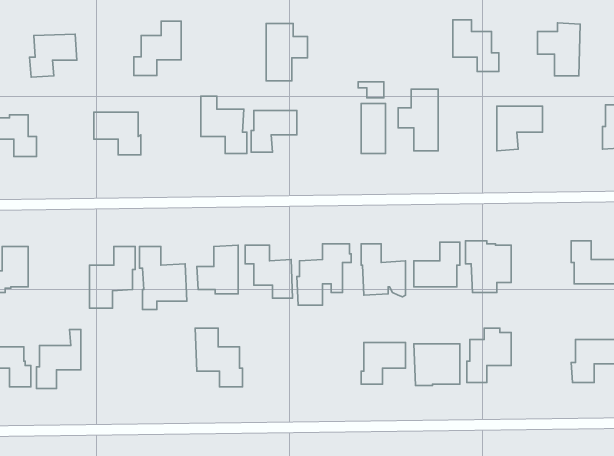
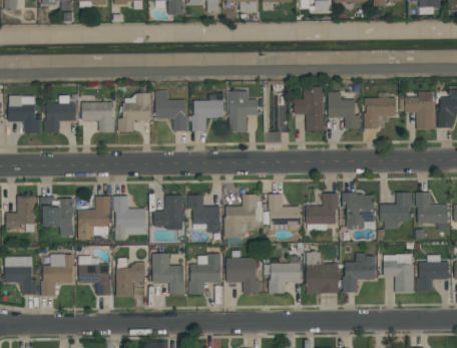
building: [453,20,499,72] -> [328,91,360,127]
building: [134,21,181,75] -> [117,92,150,130]
building: [537,23,580,76] -> [404,90,434,127]
building: [266,23,307,81] -> [229,90,258,130]
building: [30,34,77,77] -> [43,102,76,132]
building: none -> [380,192,412,222]
building: none -> [39,196,73,226]
building: none -> [188,254,220,293]
building: none -> [225,256,259,292]
building: none -> [384,260,412,291]
building: none -> [115,262,145,294]
building: none -> [79,264,111,294]

